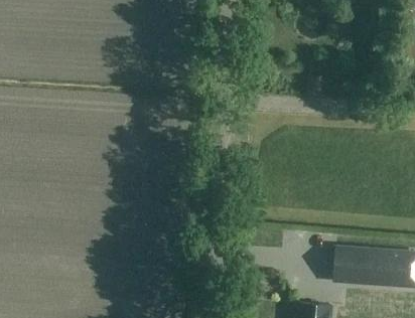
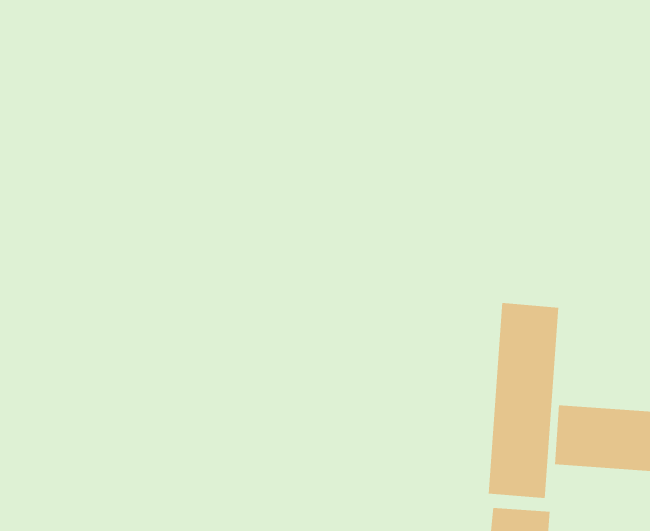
building: none -> [488,302,559,499]

